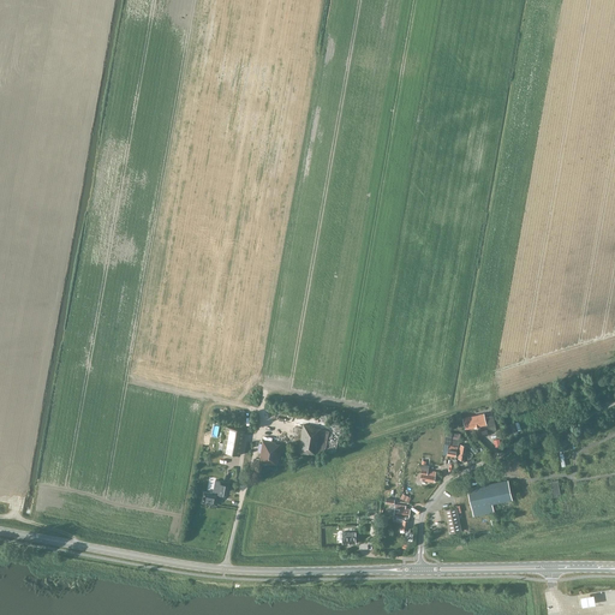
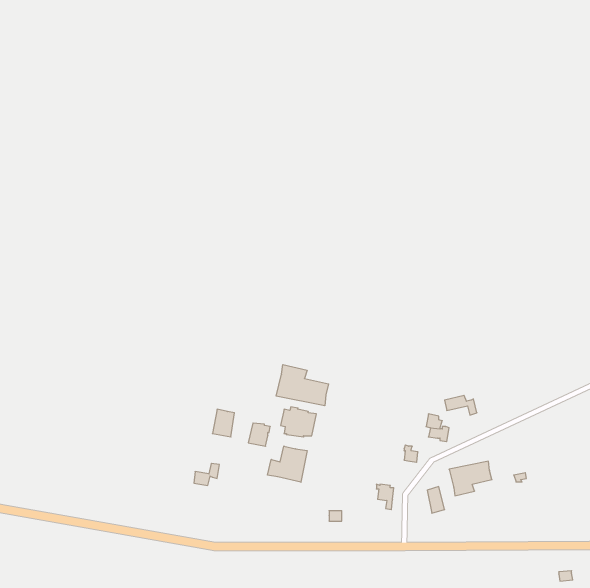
building: none -> [276,365,329,406]
building: none -> [268,446,307,482]

